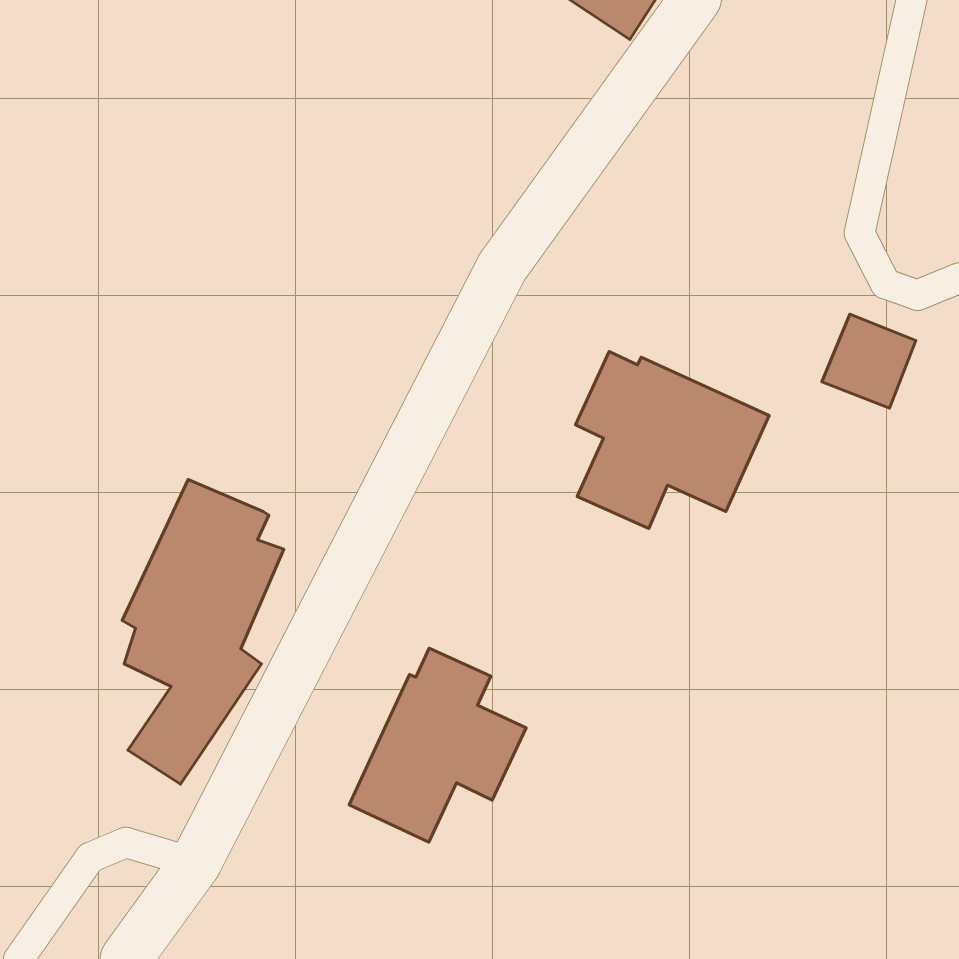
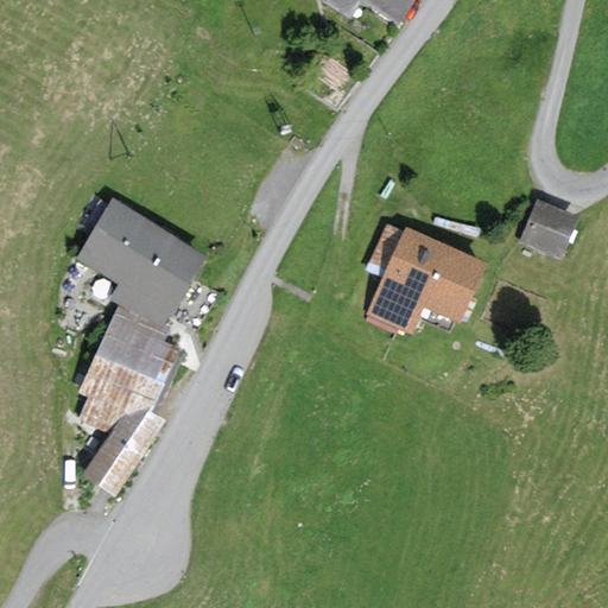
building: none -> [75,196,205,323]
building: [349,648,526,842] -> none

